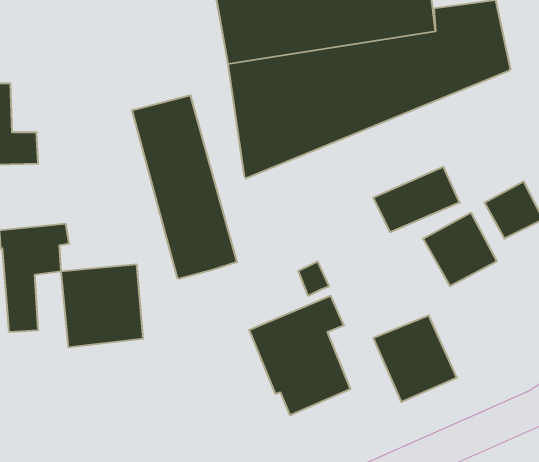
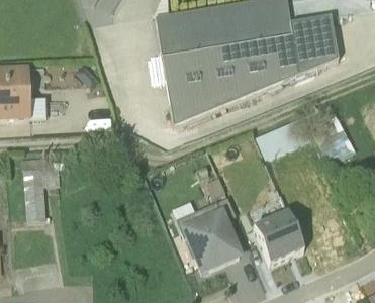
building: [132,95,237,279] -> none
building: [423,213,497,286] -> none
building: [61,264,143,347] -> none

